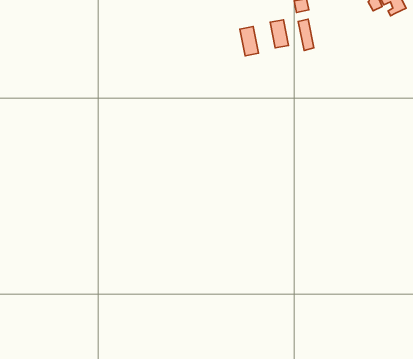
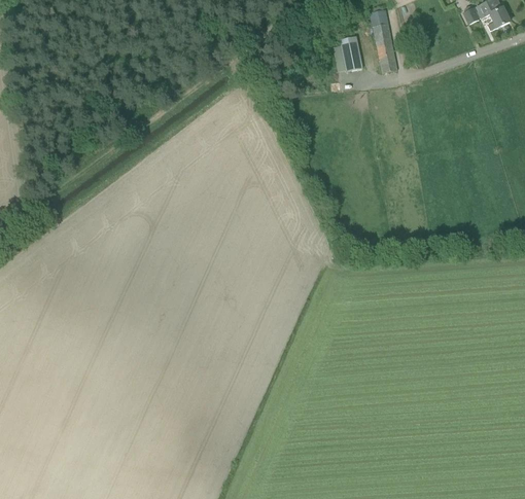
building: [240,26,258,56] -> none

